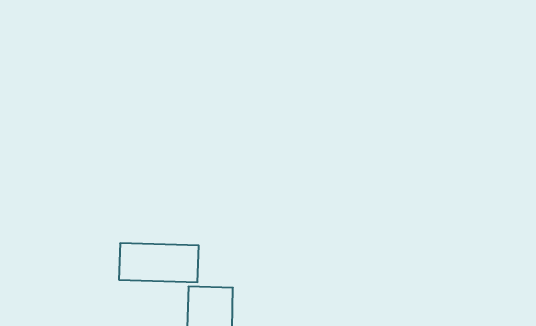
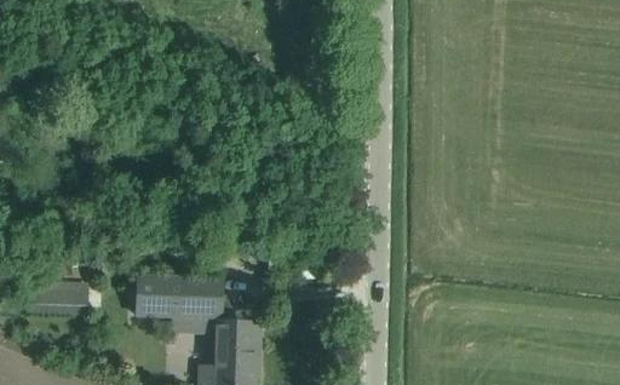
building: none -> [28,283,82,314]

